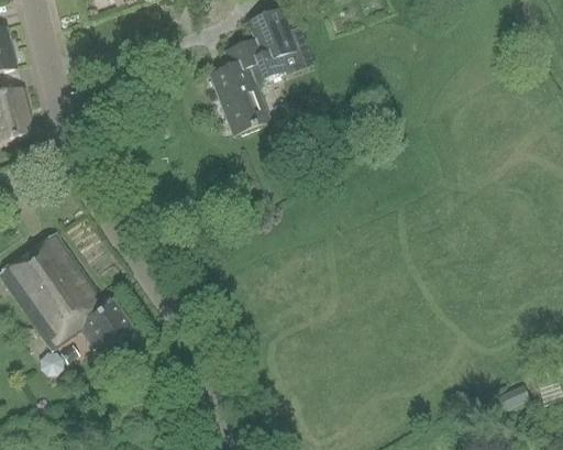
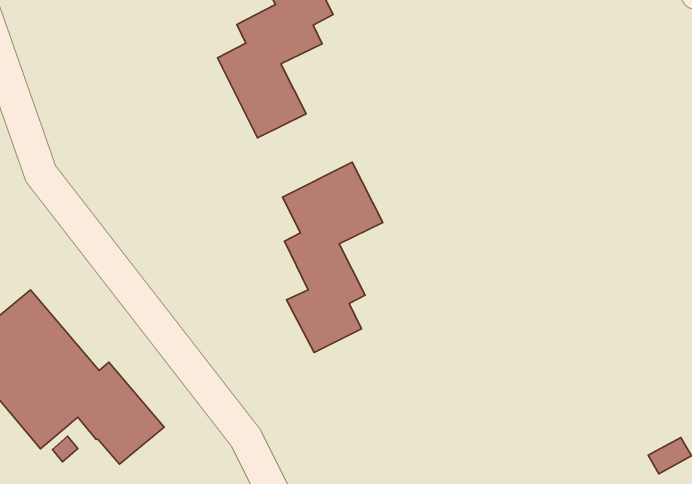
building: none -> [283,162,383,353]

